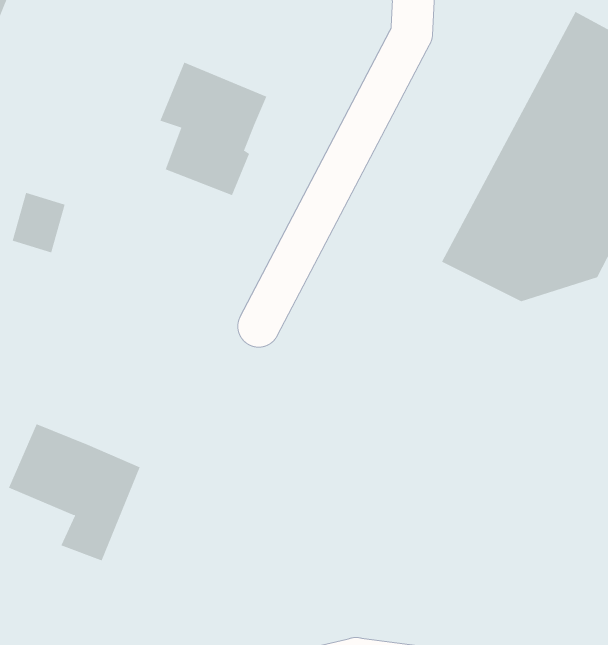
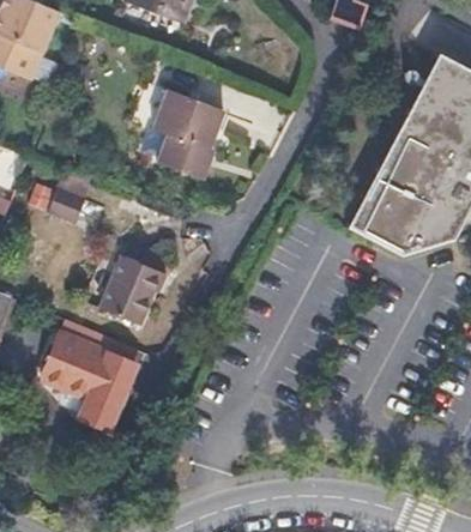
building: none -> [102,256,168,324]

